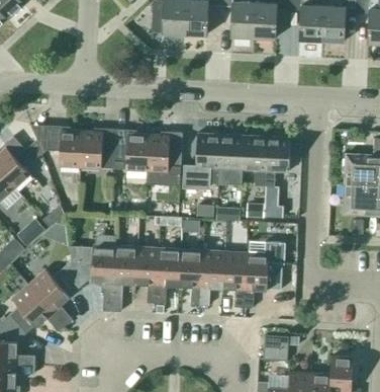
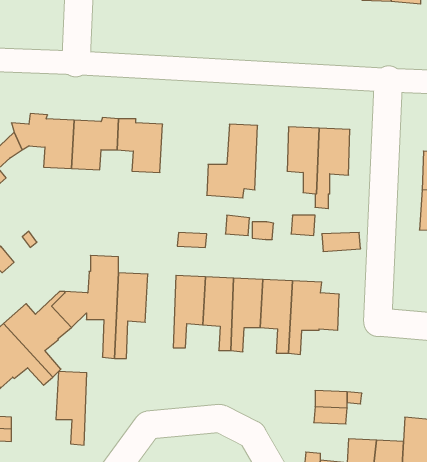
building: [147,132,182,171] -> none
building: [218,135,244,184] -> none
building: [135,247,159,303] -> [56,371,87,445]

